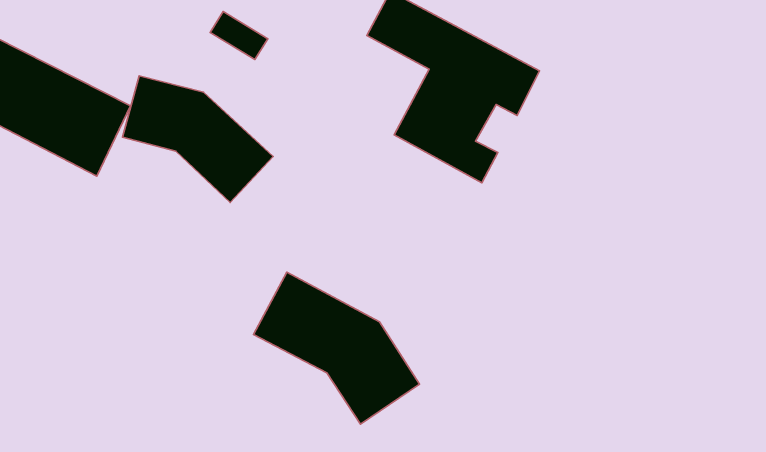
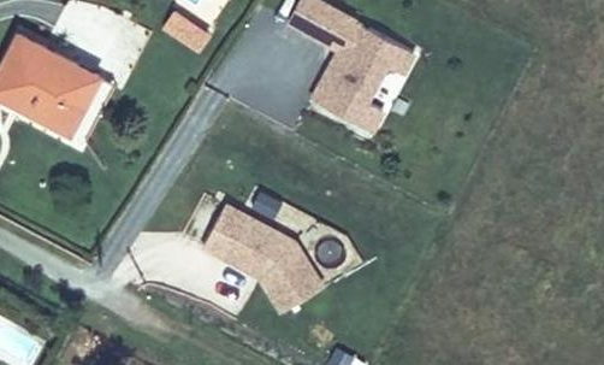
building: [123,76,273,203] -> none

